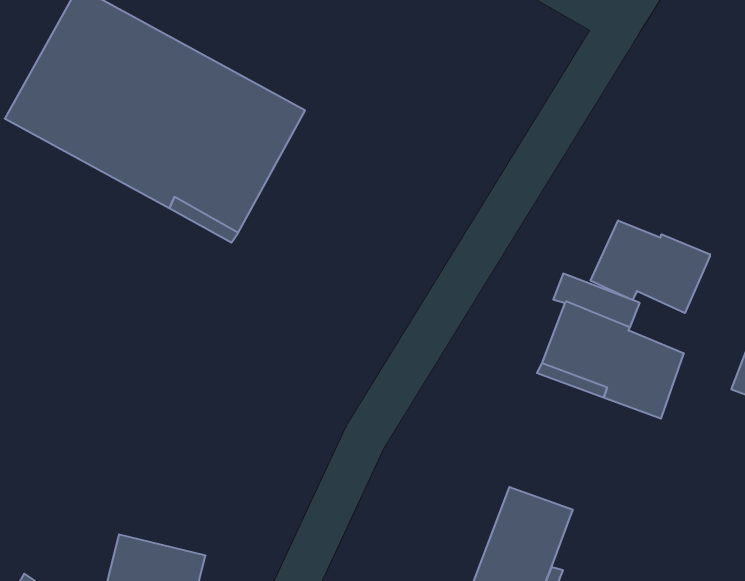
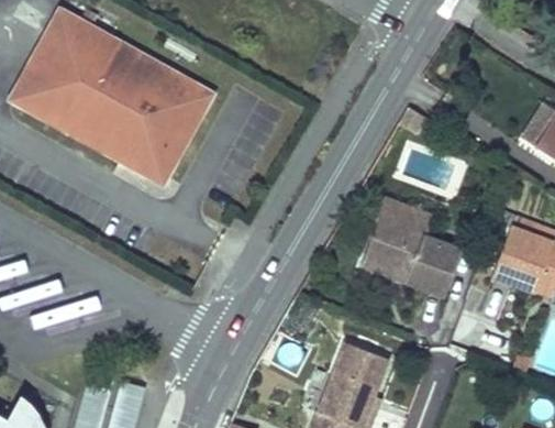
building: [591,220,710,313] -> none

